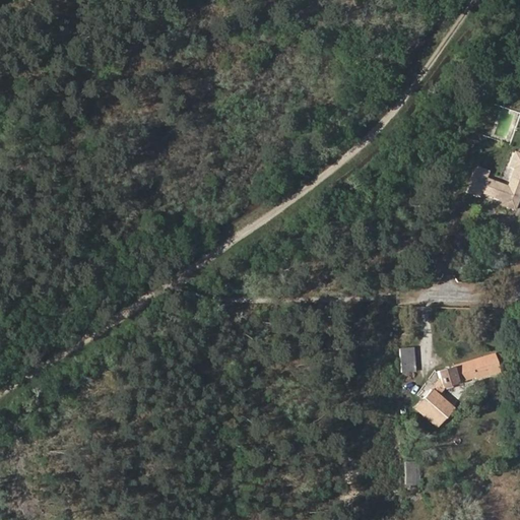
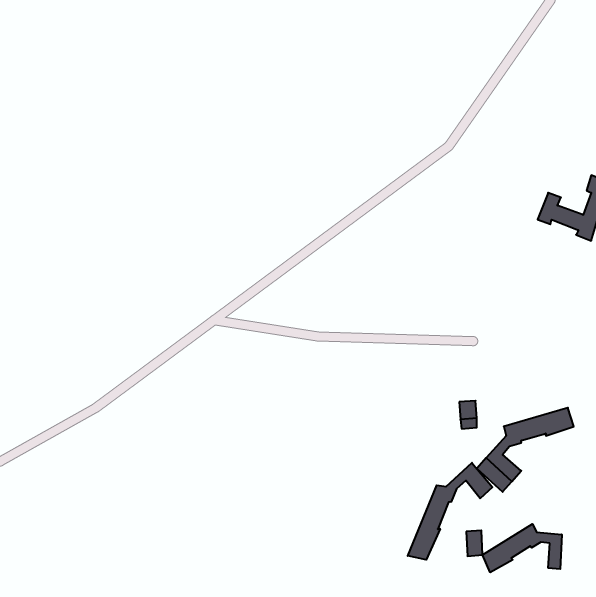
building: none -> [408,463,492,560]
building: none -> [483,524,562,572]

